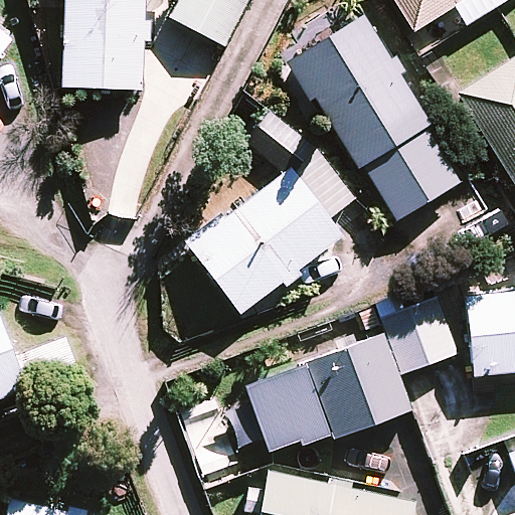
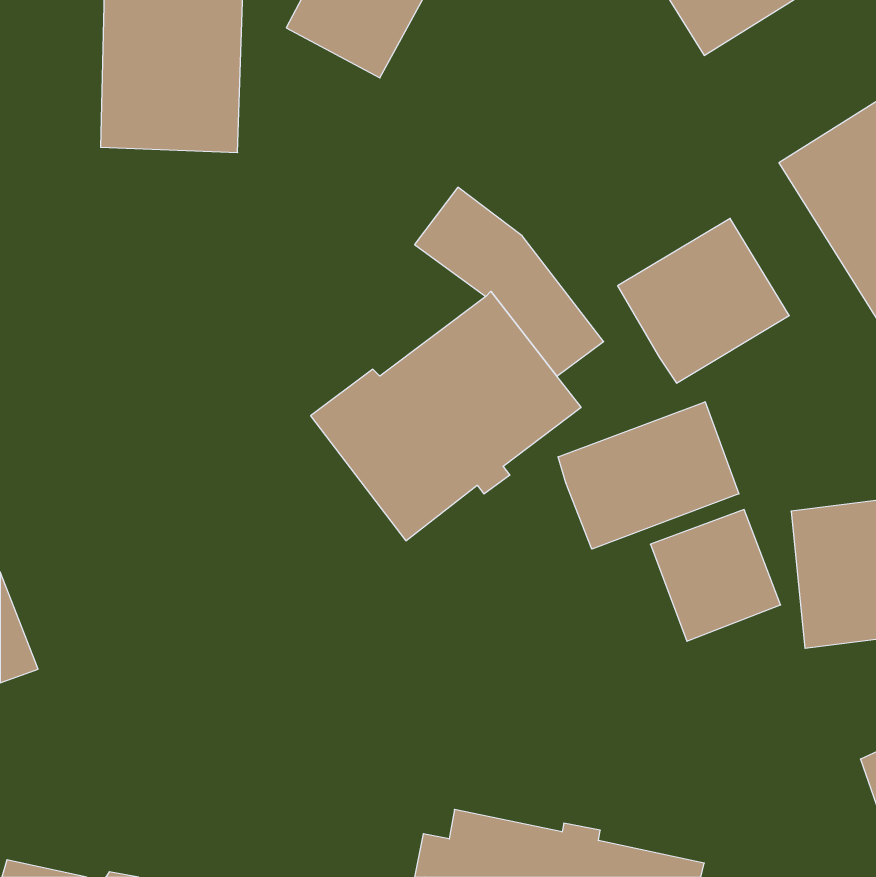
building: [289,19,432,170] -> none
building: none -> [558,402,739,549]
building: [244,334,413,451] -> none

